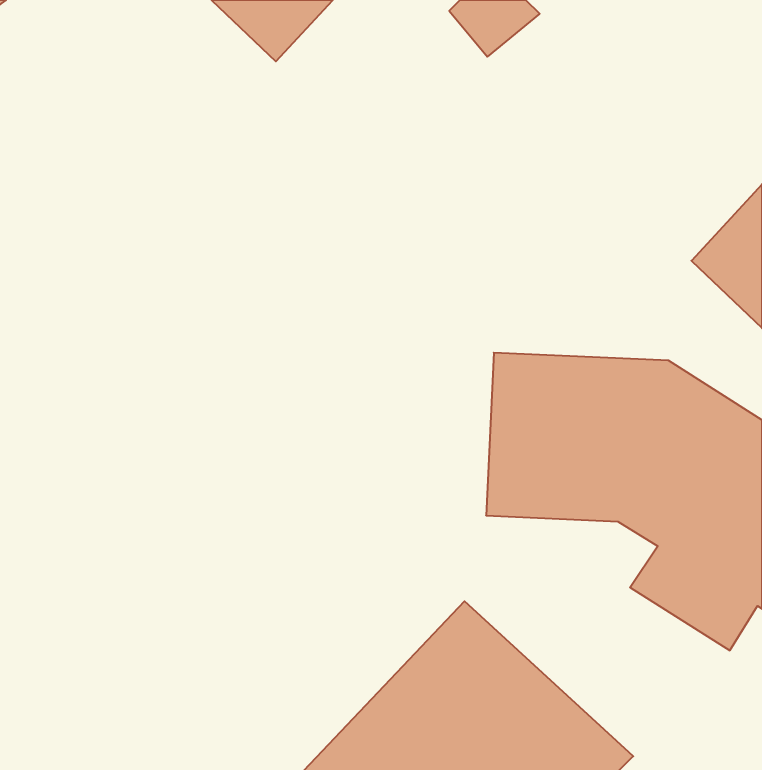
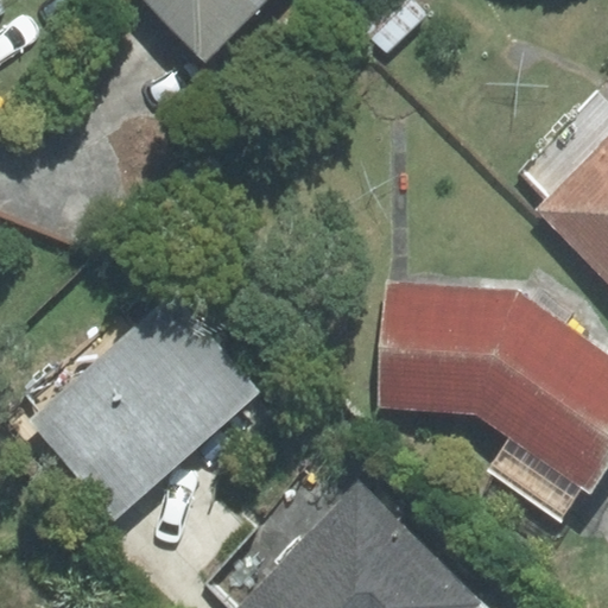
building: none -> [28,291,262,519]

